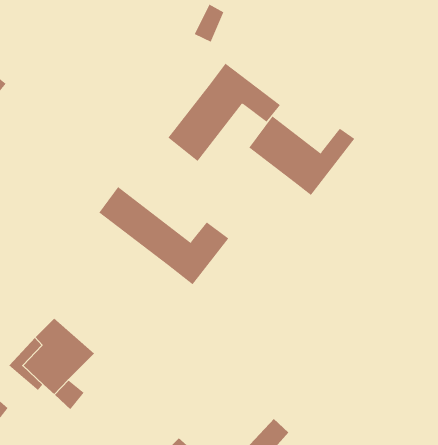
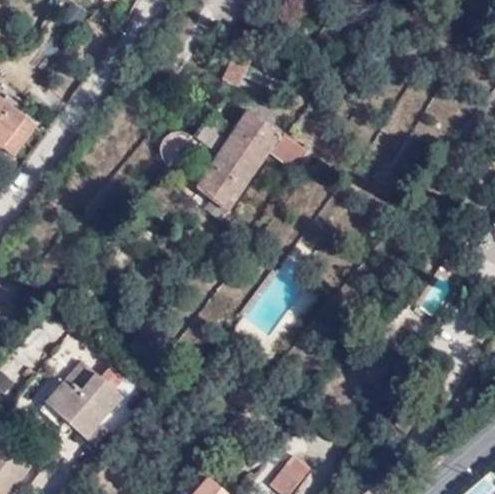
building: [248,116,355,196] -> none
building: [99,186,229,285] -> none

